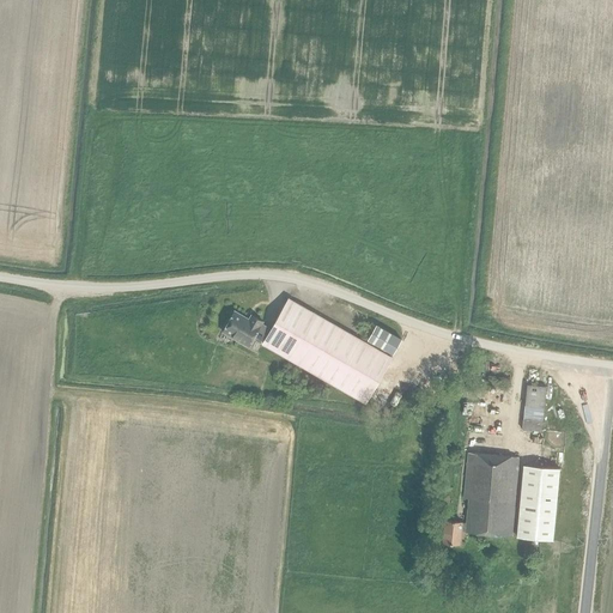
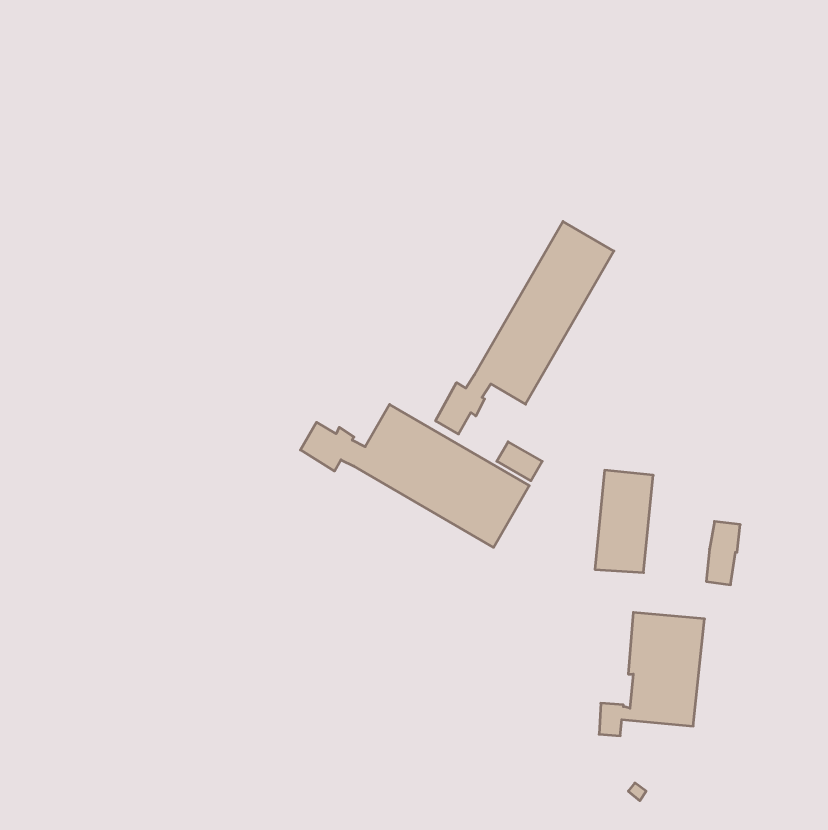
building: none -> [436,221,614,434]
building: [516,463,559,539] -> [595,470,653,573]

